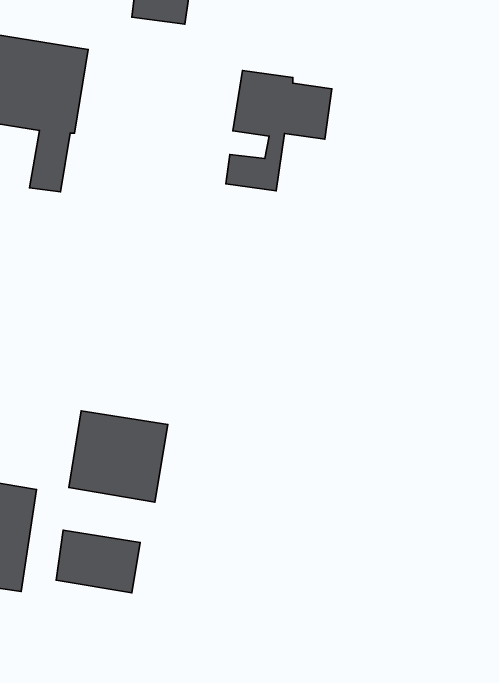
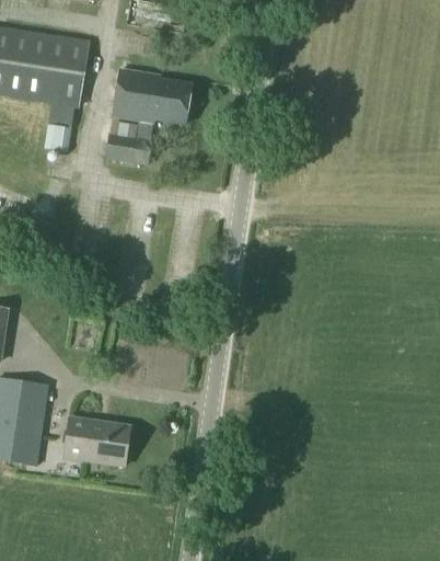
building: [226,71,332,191] -> [107,69,190,163]
building: [69,411,168,502] -> none

